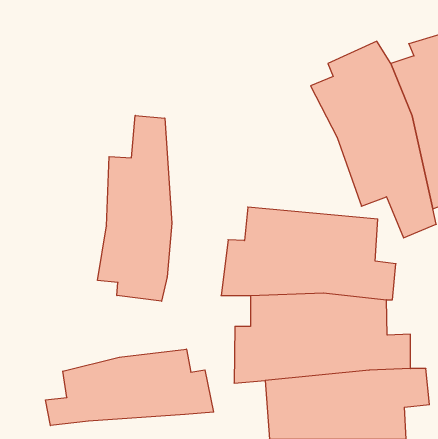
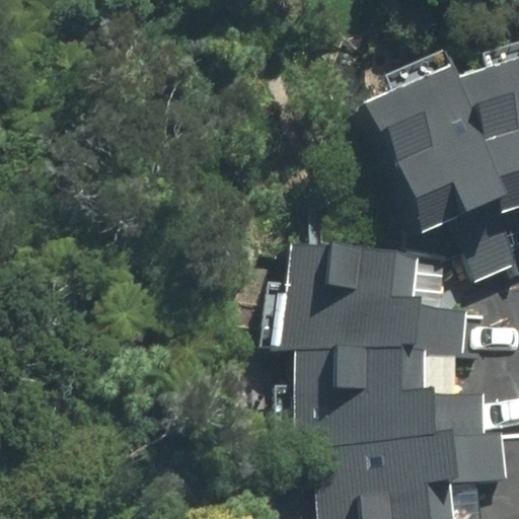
building: [98,115,172,301] -> none
building: [46,349,214,426] -> none

